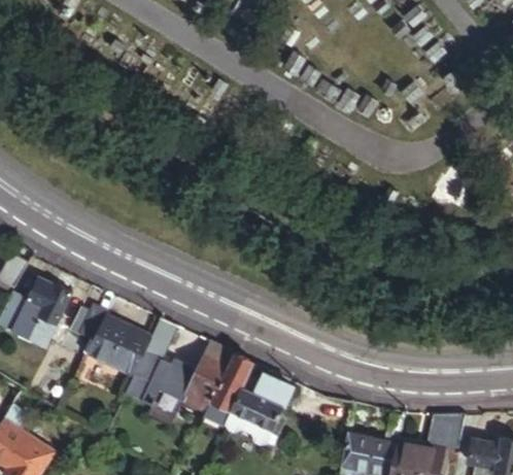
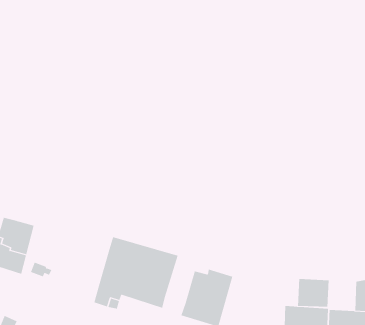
building: [71,304,151,374] -> none
building: [210,353,253,410] -> none
building: none -> [297,278,329,307]

